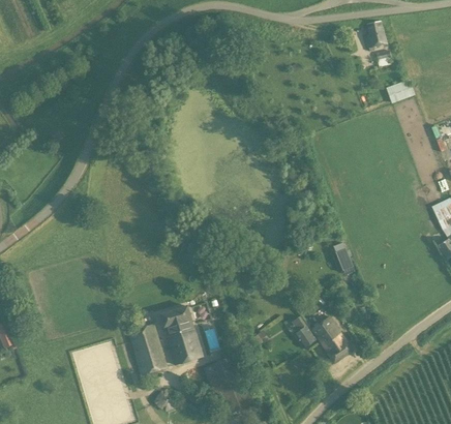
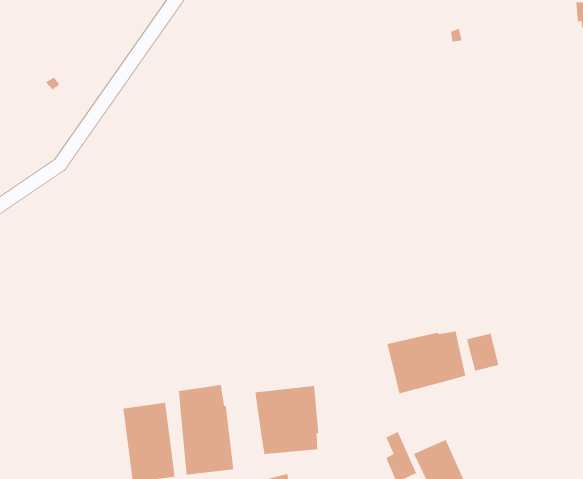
building: none -> [387,330,466,394]
building: none -> [255,385,319,455]

